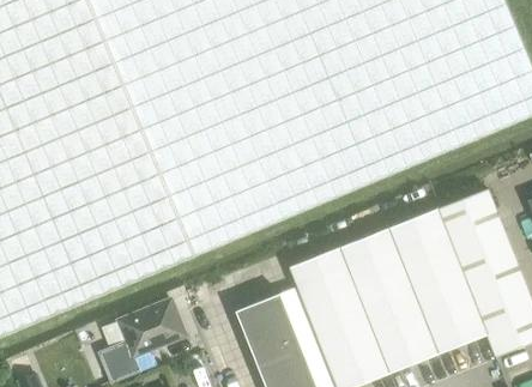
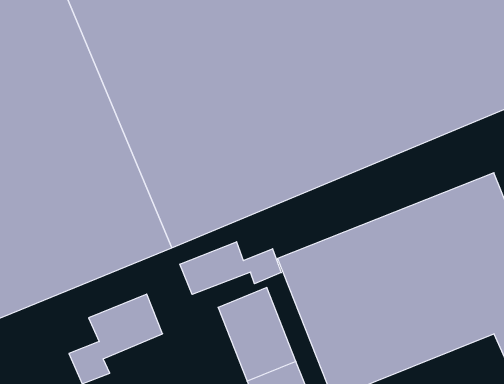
building: none -> [180,242,281,294]

